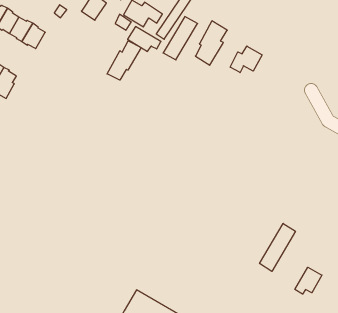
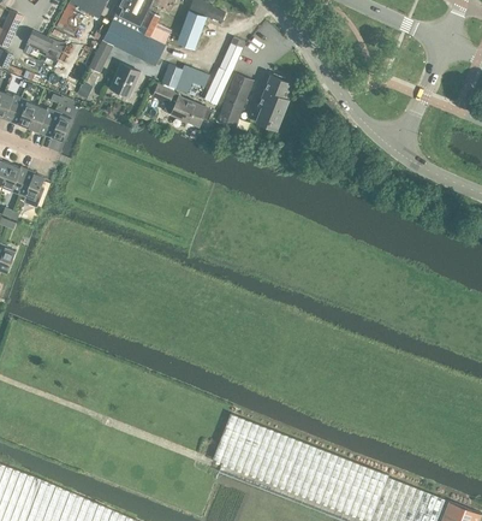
building: [107,41,141,80] -> none
building: [230,46,262,73] -> none
building: [260,223,295,271] -> none
building: [295,267,322,294] -> none

